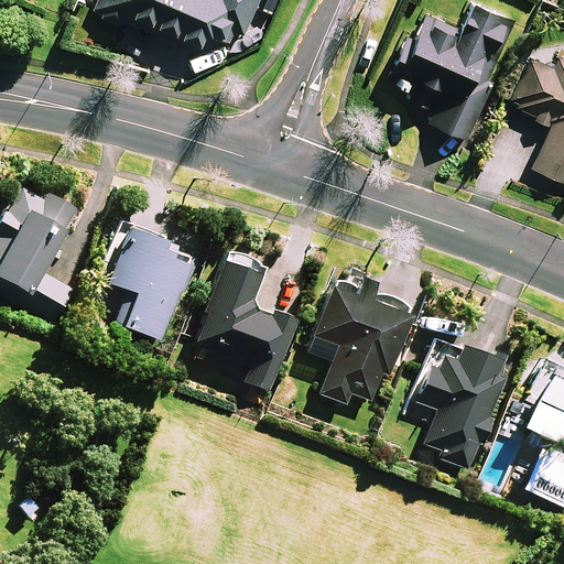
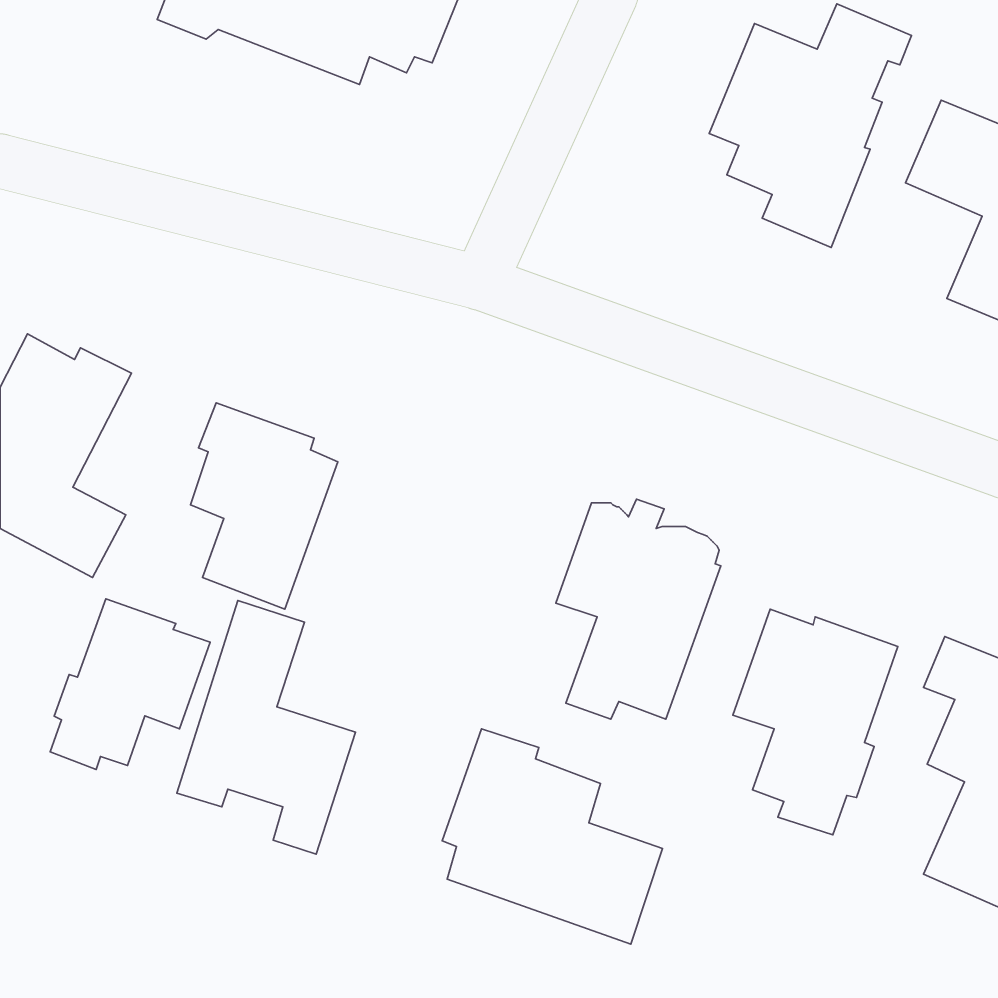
building: [192,249,292,391] -> [177,601,356,854]
building: none -> [50,599,210,770]
building: none -> [442,729,662,944]

